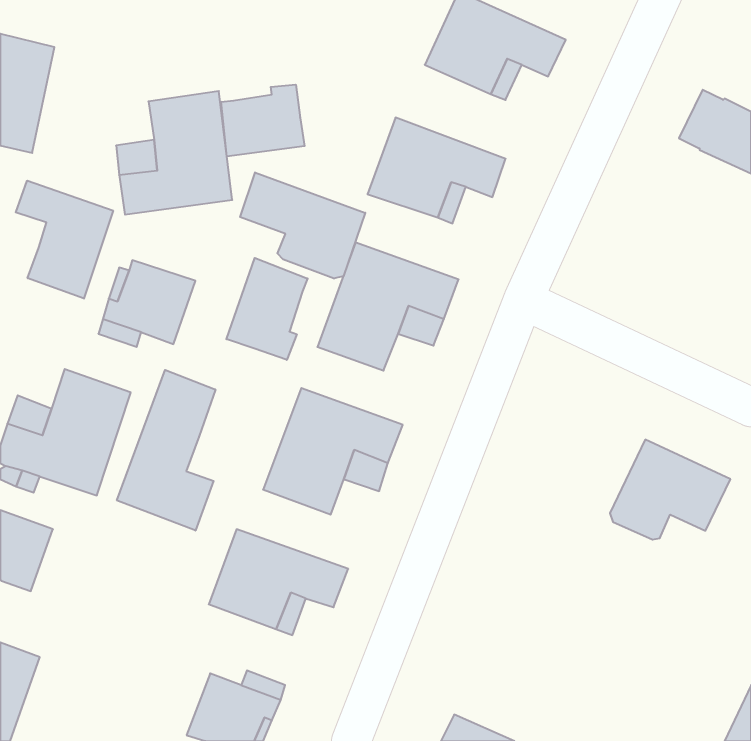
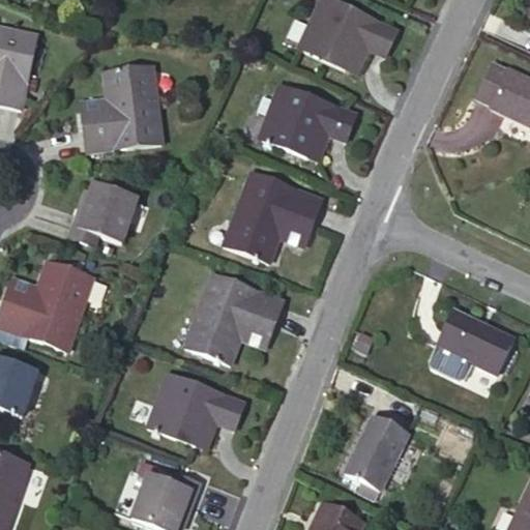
building: [221,85,305,157] -> none
building: [240,172,365,279] -> none
building: [16,181,113,299] -> none
building: [226,258,308,360] -> none
building: [117,370,215,531] -> none
building: none -> [345,415,407,489]

